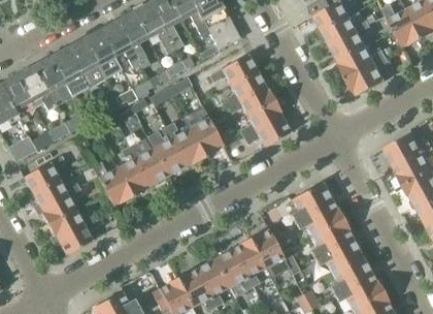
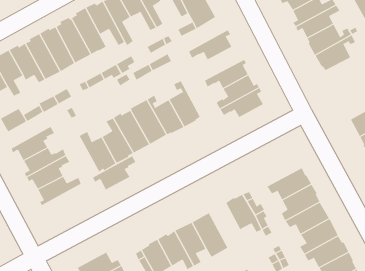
building: [224,69,271,105] -> none
building: [291,181,333,220] -> none
building: [53,217,100,254] -> [92,156,136,190]
building: [233,238,266,286] -> none

